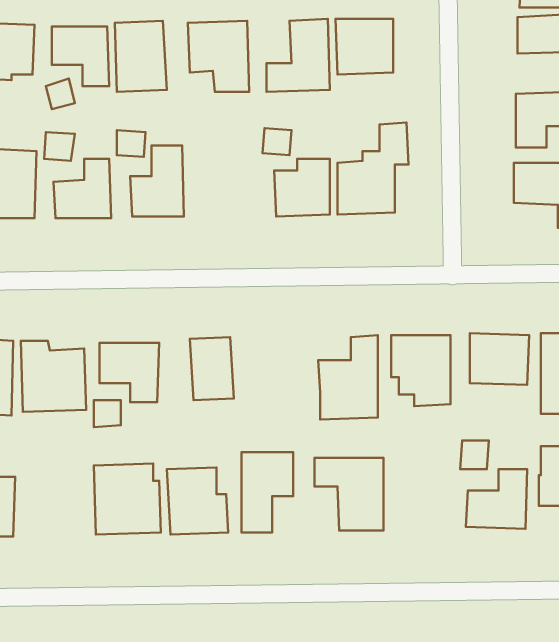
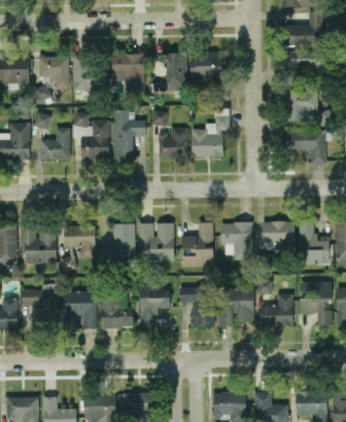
building: none -> [112,110,145,159]
building: none -> [139,223,174,261]
building: none -> [22,284,57,327]
building: none -> [220,288,254,327]

